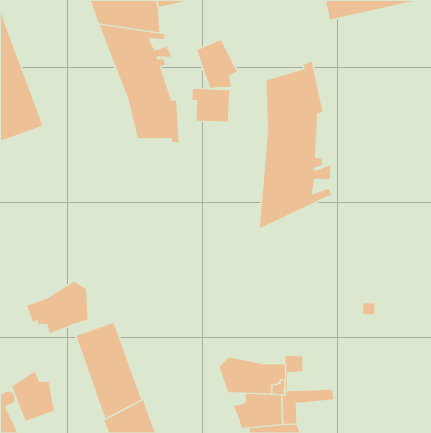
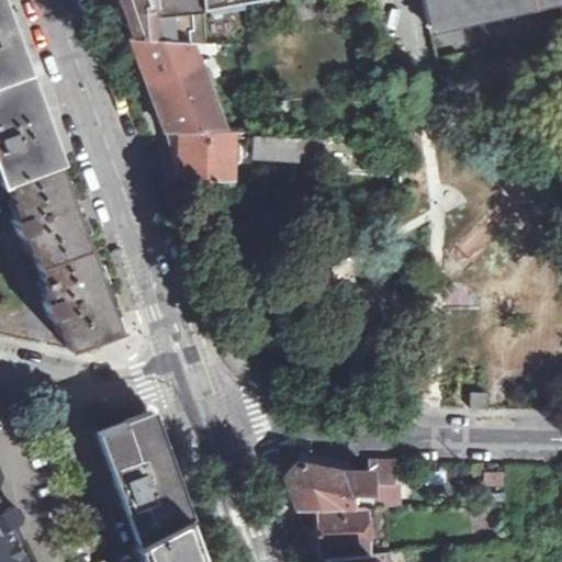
building: [196,39,238,89] -> none
building: [259,60,333,230] -> none
building: none -> [9,164,119,348]
building: [26,281,88,334] -> none
building: [11,371,55,422] -> none

